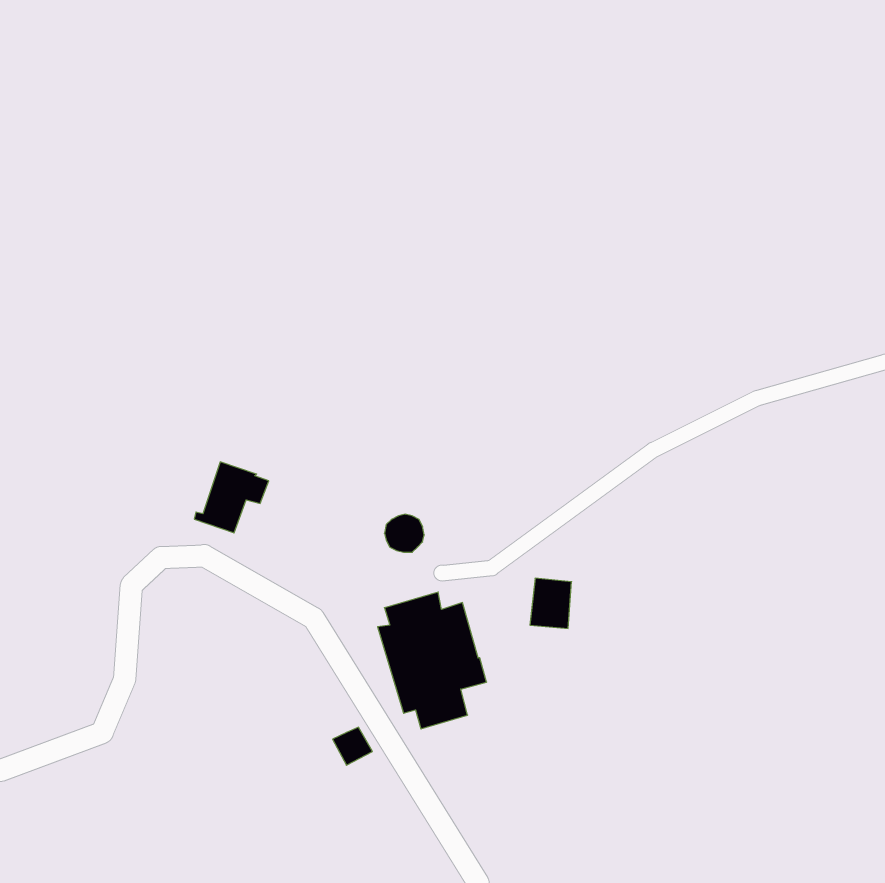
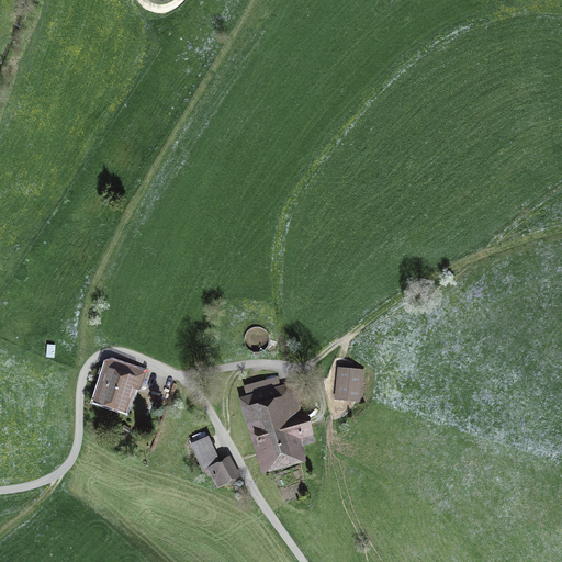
building: [194,462,269,533] -> [97,360,144,405]
building: none -> [190,436,220,469]

